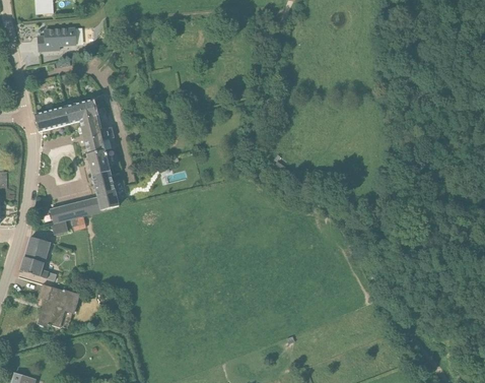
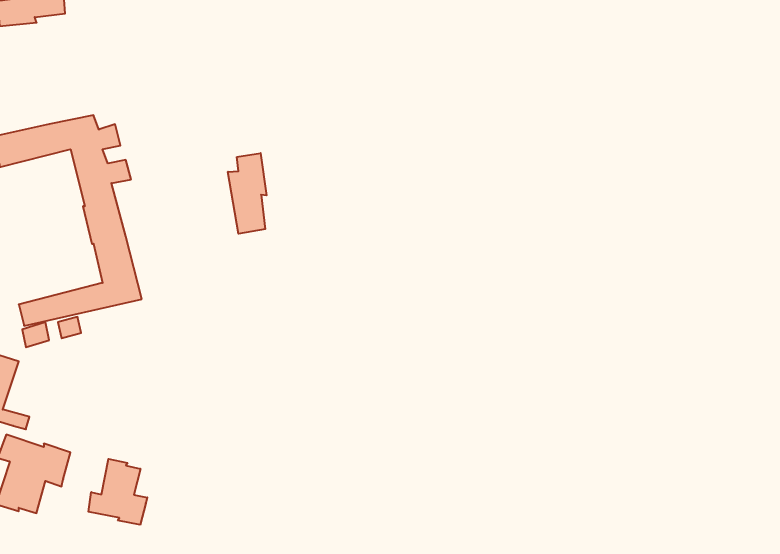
building: none -> [228,153,267,234]
building: none -> [88,459,147,525]

